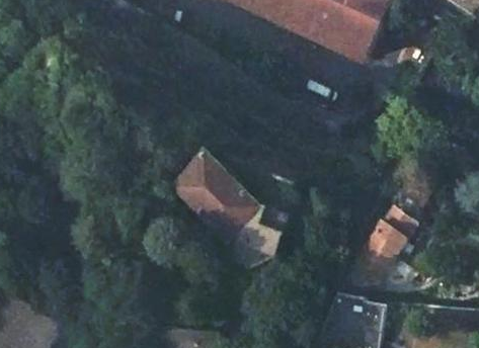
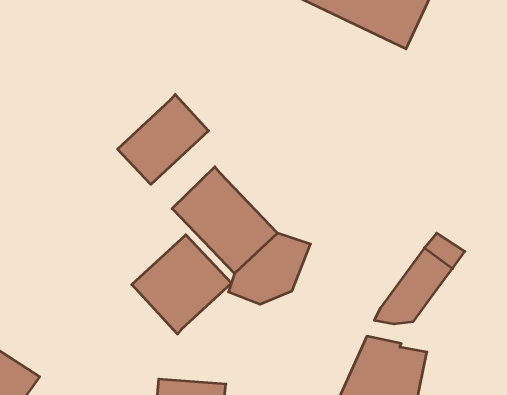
building: none -> [118,94,209,184]
building: none -> [132,235,231,334]

